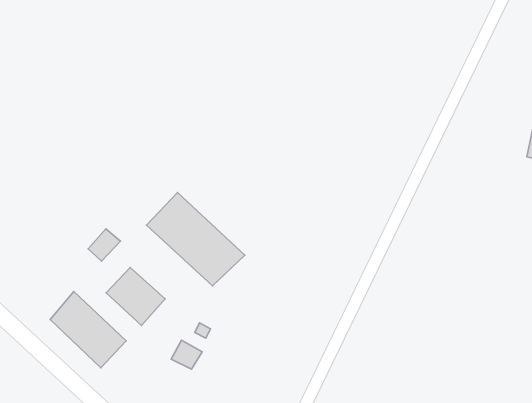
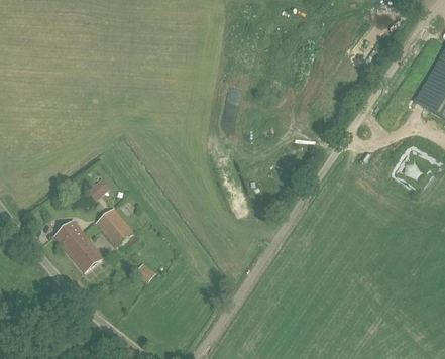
building: [147,192,245,286] -> none

